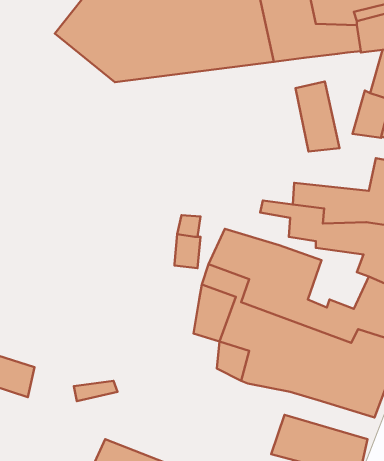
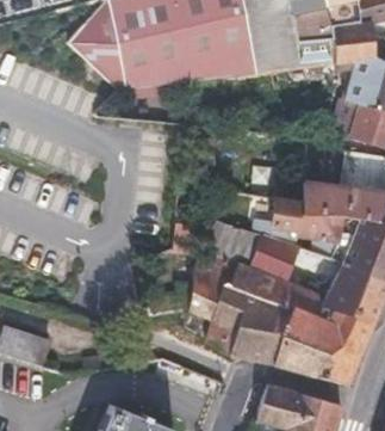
building: [295,81,339,151] -> none

